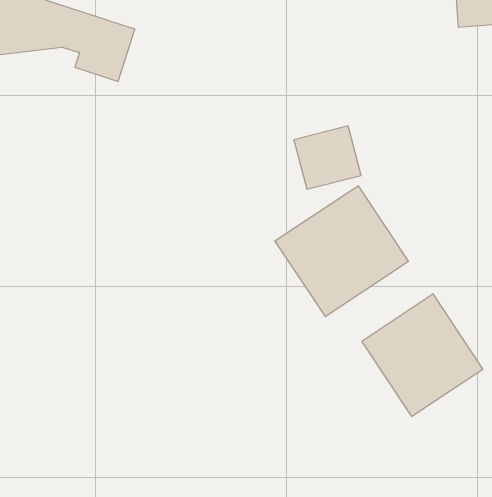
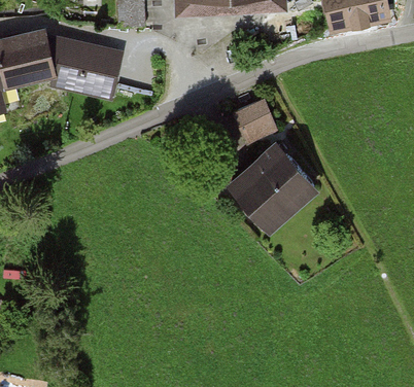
building: [362,294,483,417] -> none

